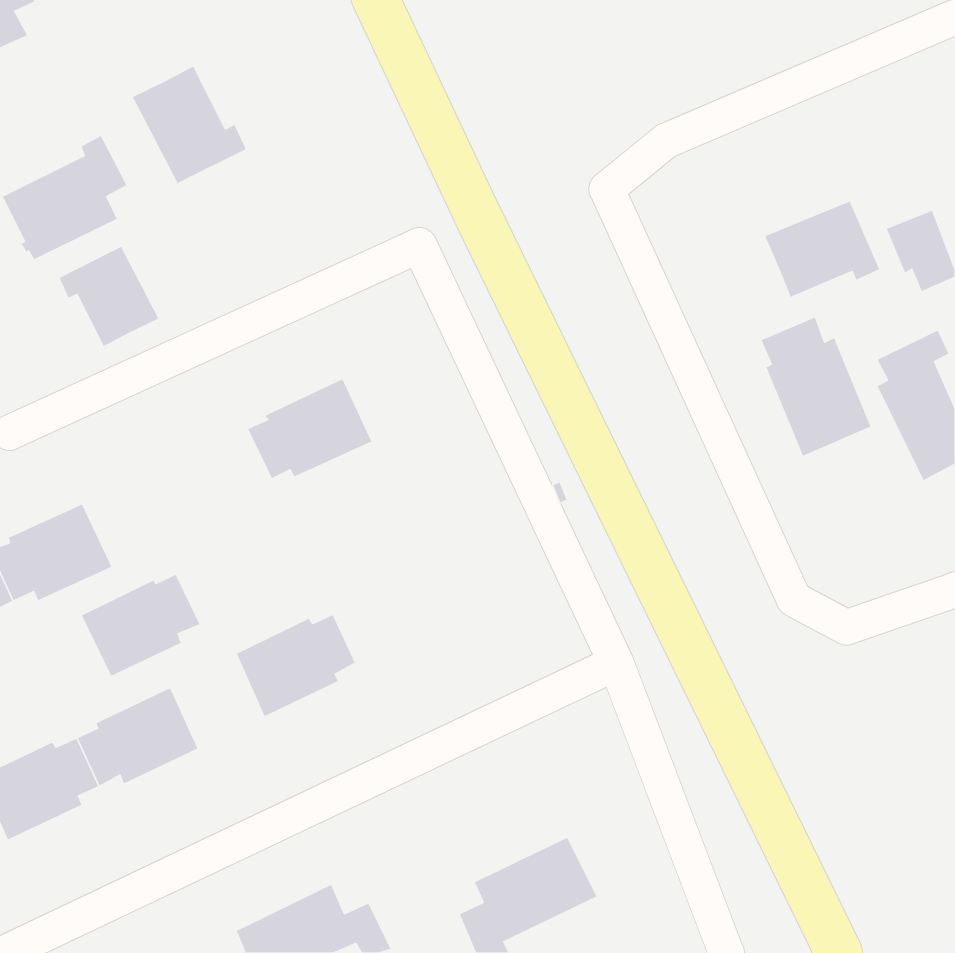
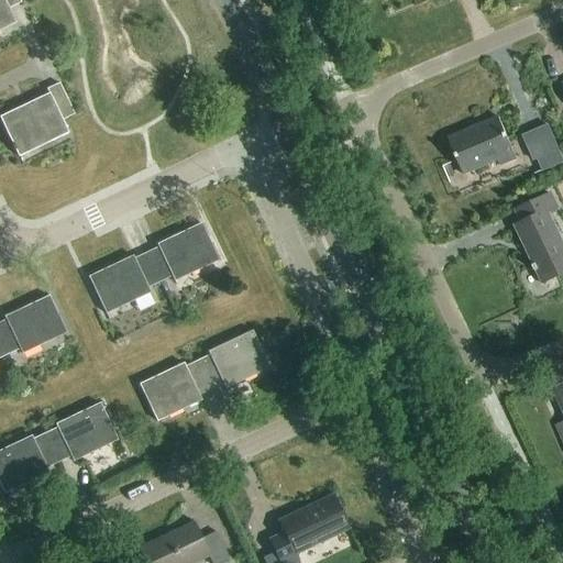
building: [132,65,247,184] -> none
building: [58,246,159,347] -> none
building: [761,316,872,457] -> none
building: none -> [196,330,268,389]
building: [81,574,201,677] -> [89,252,159,312]

